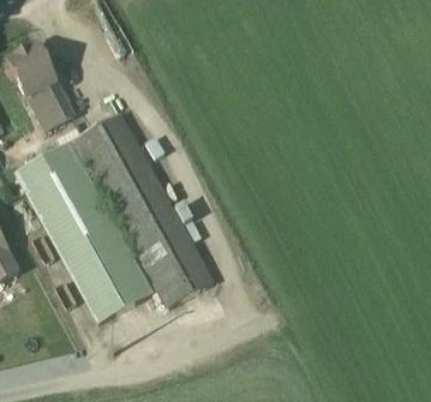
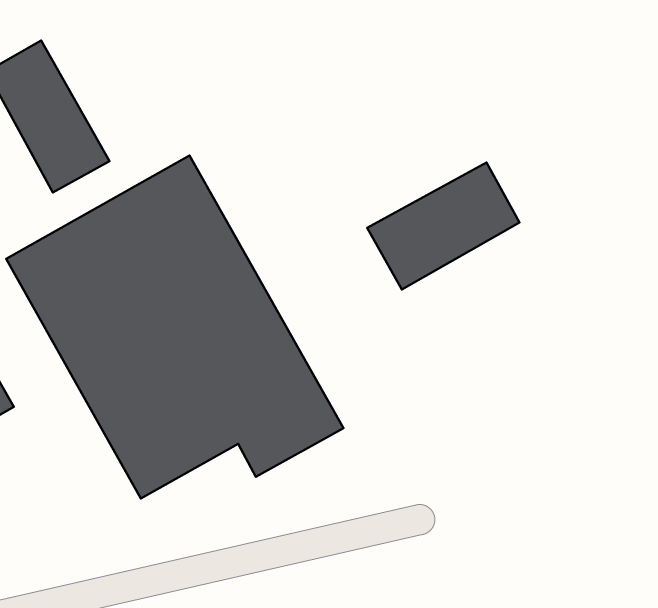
building: none -> [367,162,520,289]

